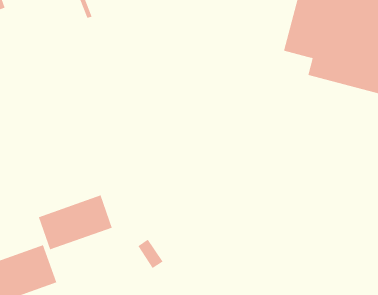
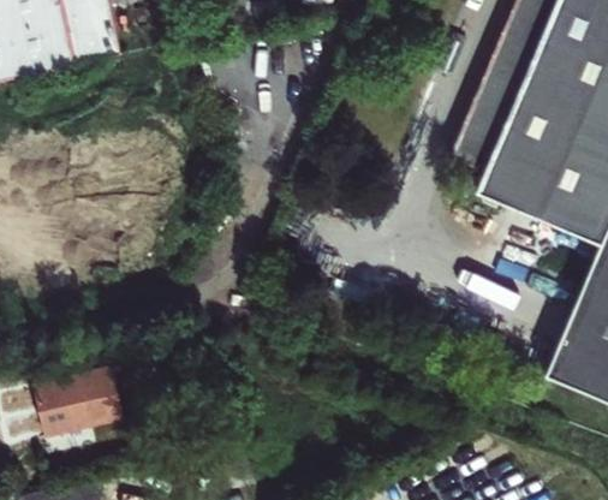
building: [38,195,112,250] -> none

